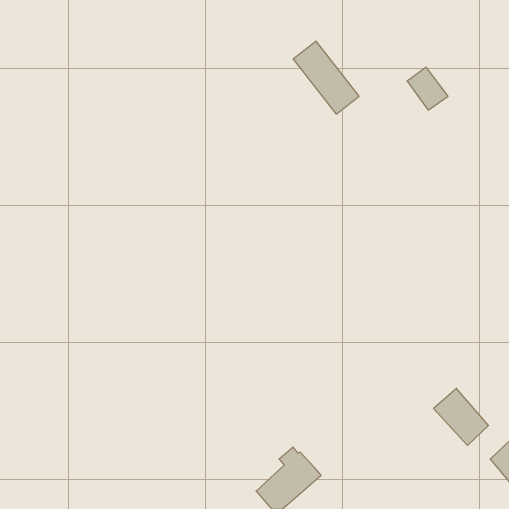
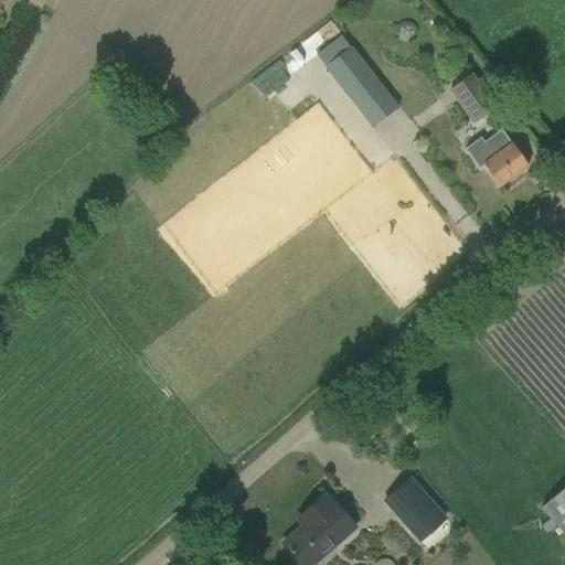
building: none -> [466,128,530,185]
building: [434,388,489,445] -> [385,477,446,540]

